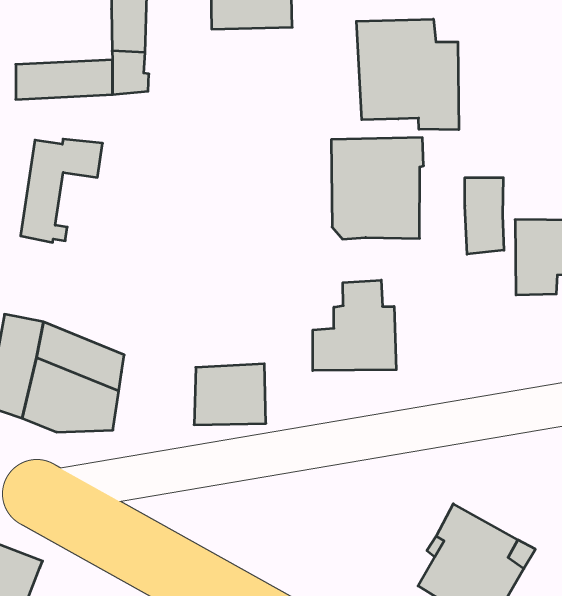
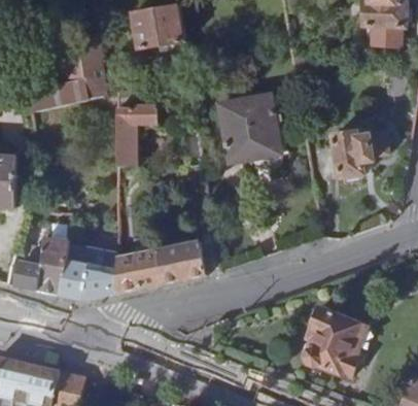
building: [356,19,459,130] -> none
building: [21,139,103,242] -> [115,103,155,166]
building: [465,178,504,254] -> none
building: [313,280,396,371] -> none
building: none -> [114,249,162,294]

